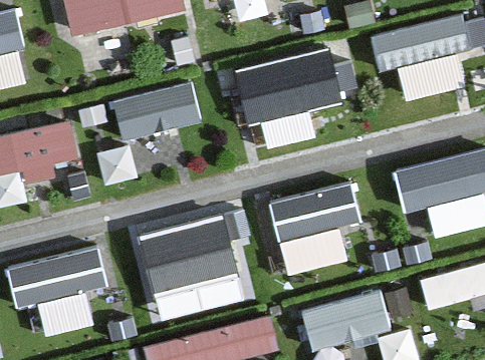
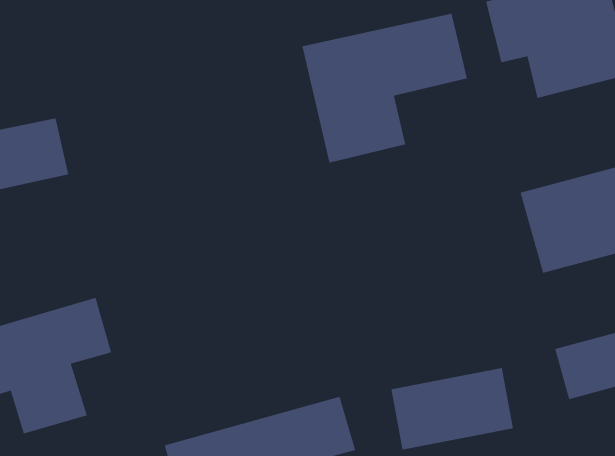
building: [110,78,205,149] -> none
building: [266,176,361,277] -> none
building: [138,212,244,320] -> none

